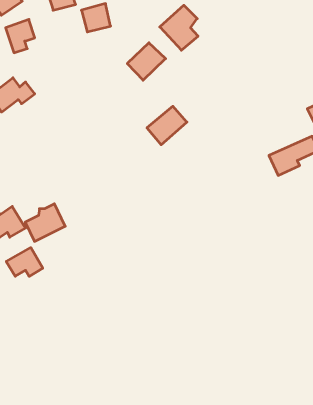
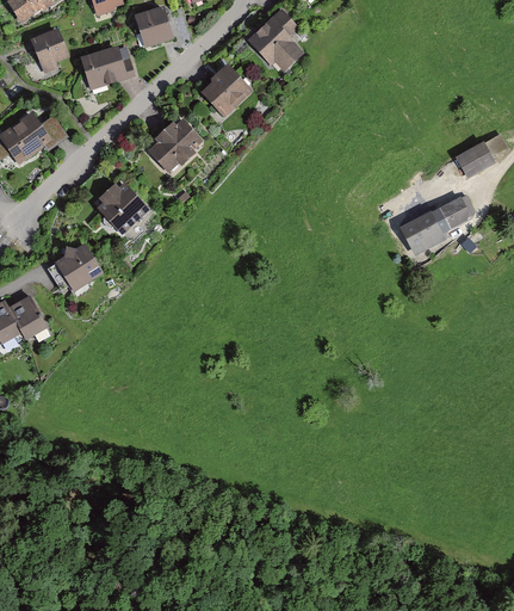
building: none -> [81,44,134,87]
building: [147,106,187,145] -> [148,117,205,172]
building: none -> [98,180,154,236]
building: [25,204,65,241] -> [48,239,105,292]
building: [6,248,43,276] -> none

